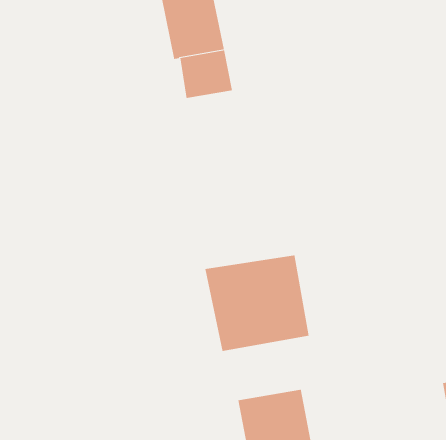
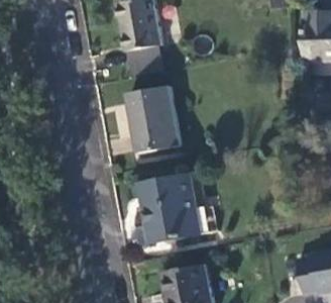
building: none -> [128,87,176,152]

